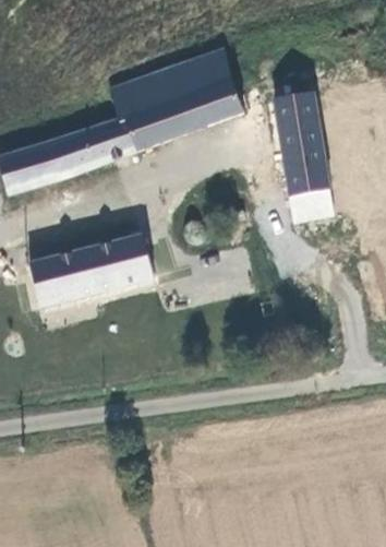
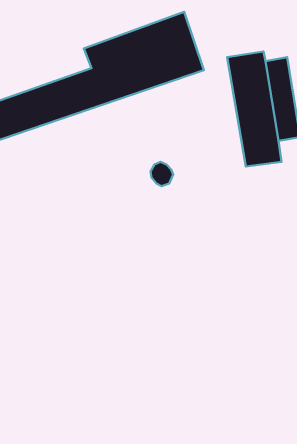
building: [29,237,154,310] -> none

